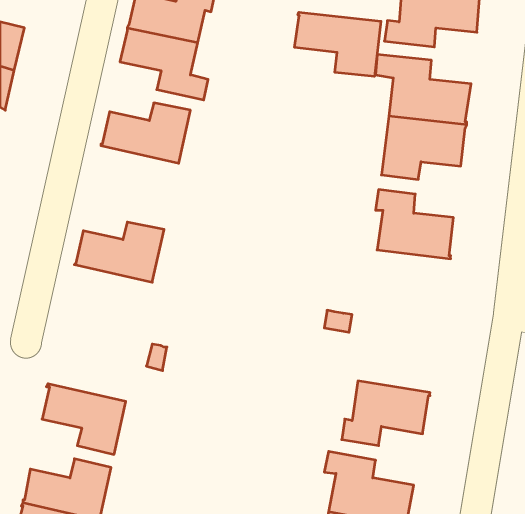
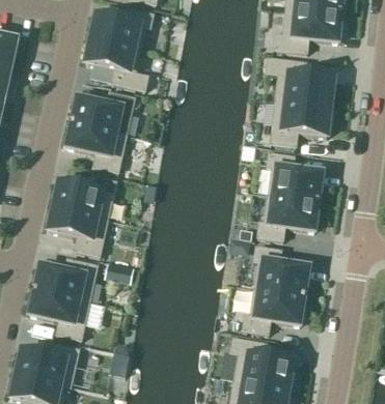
building: [295,12,381,76] -> none
building: none -> [68,121,128,171]
building: none -> [257,195,320,239]
building: none -> [50,205,109,255]
building: none -> [254,246,308,295]
building: none -> [35,259,99,301]

